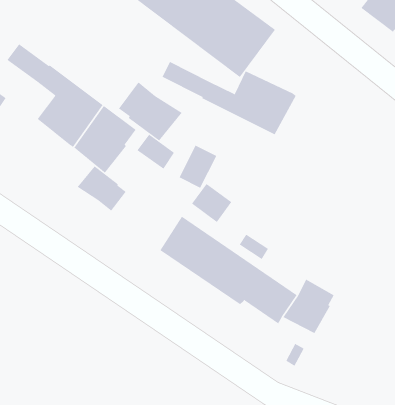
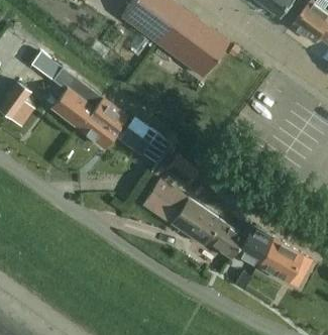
building: [162,61,297,135] -> none
building: [118,81,182,142] -> none
building: [77,165,126,212] -> none
building: none -> [257,237,312,282]

